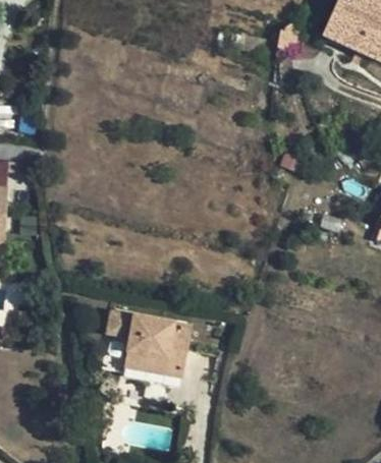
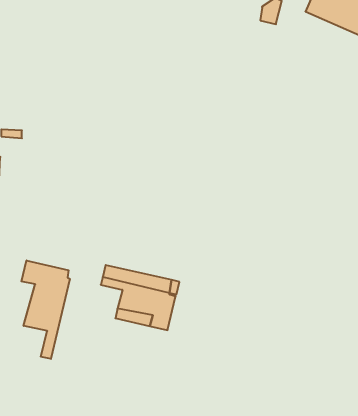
building: none -> [21,260,70,359]

